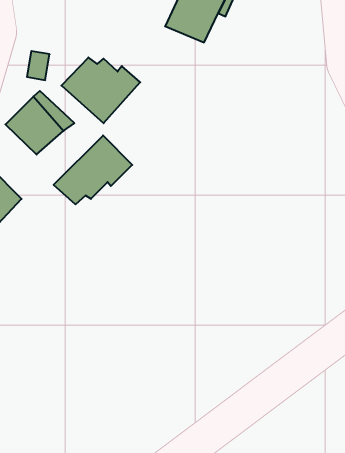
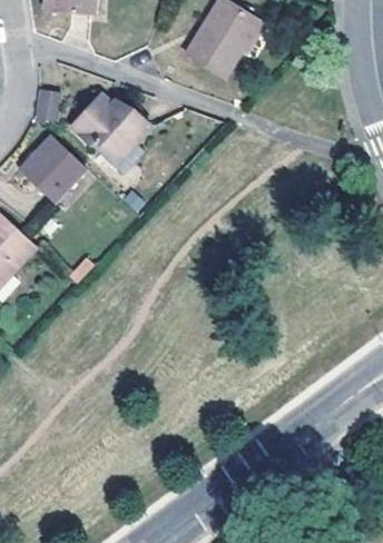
building: [54,135,132,204] -> none

